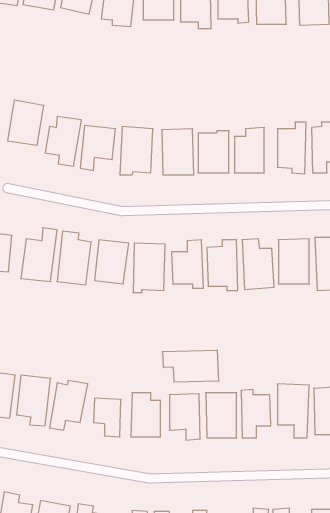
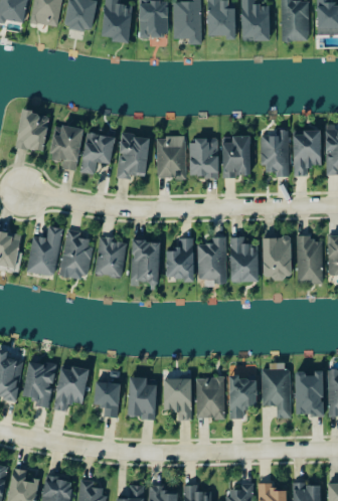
building: [163,350,219,382] -> none

